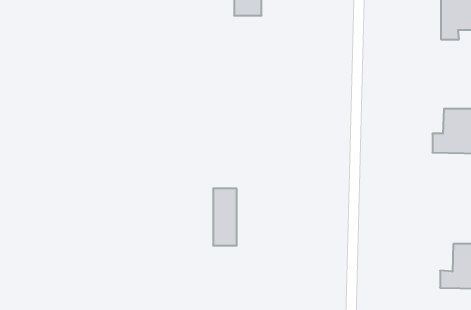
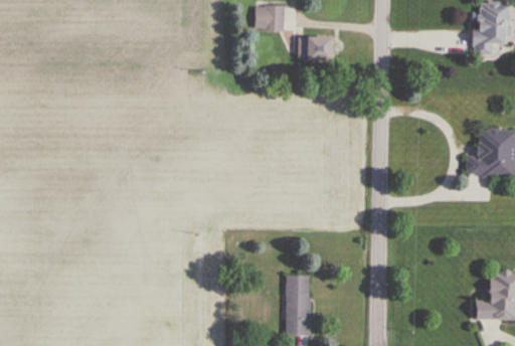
building: none -> [300,38,333,61]
building: [213,189,237,246] -> [286,275,311,335]

